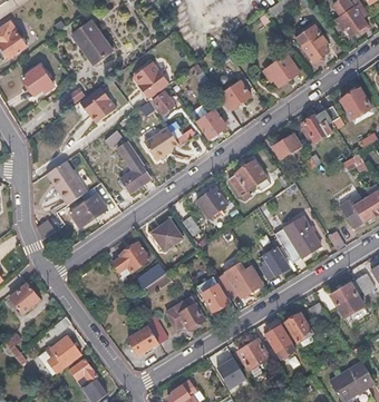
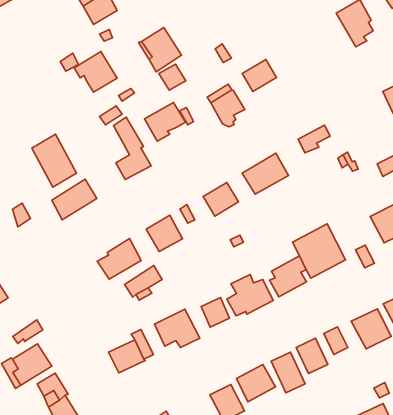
building: [266,56,298,85] -> none
building: [22,66,54,95] -> none
building: [302,110,331,141] -> none

